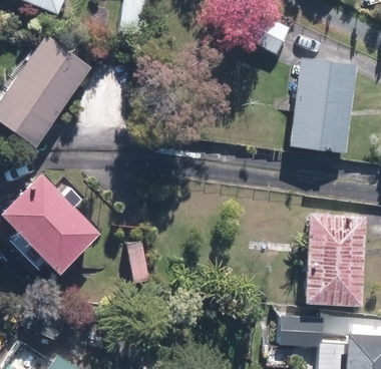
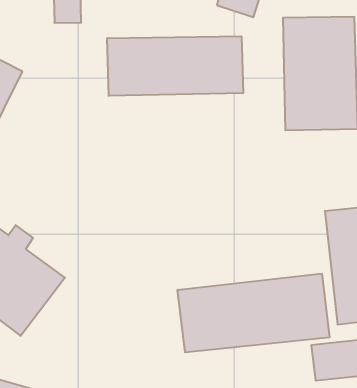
building: none -> [107,36,243,96]
building: none -> [178,274,329,352]

